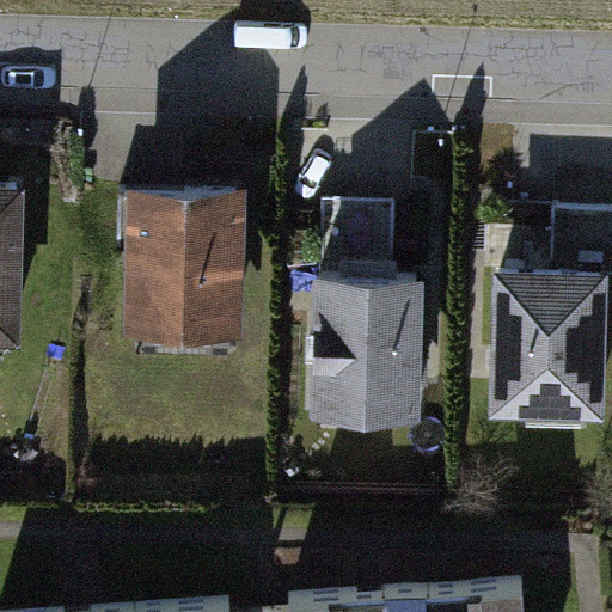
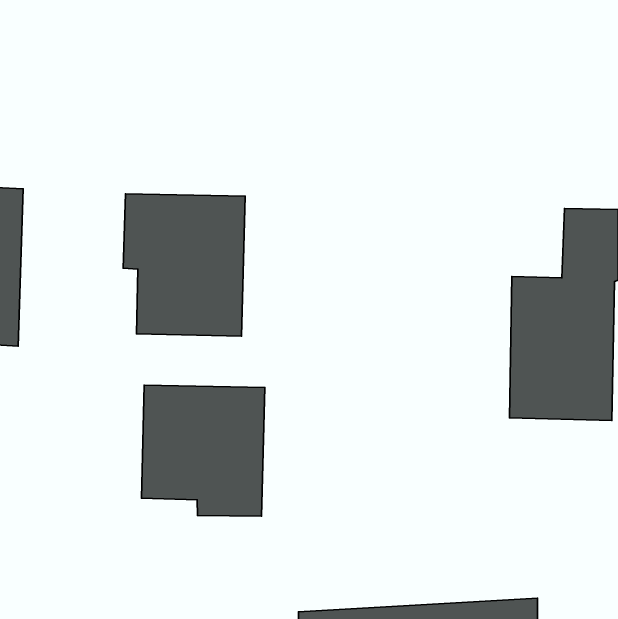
building: [319,200,422,418] -> none
building: none -> [142,385,265,516]

